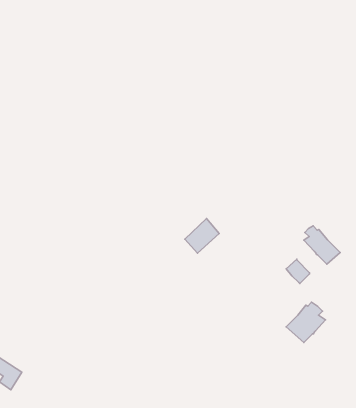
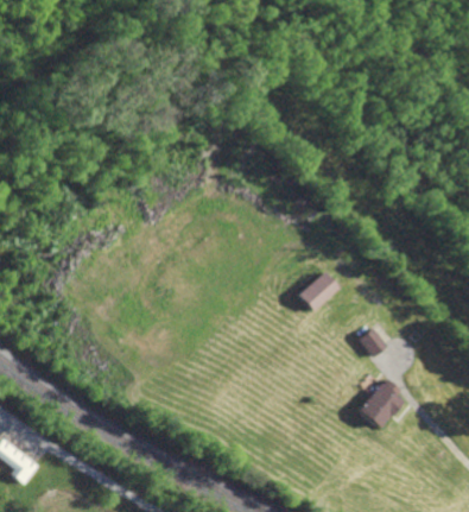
building: [185,219,219,253] -> [296,270,337,311]
building: [304,226,340,264] -> none

